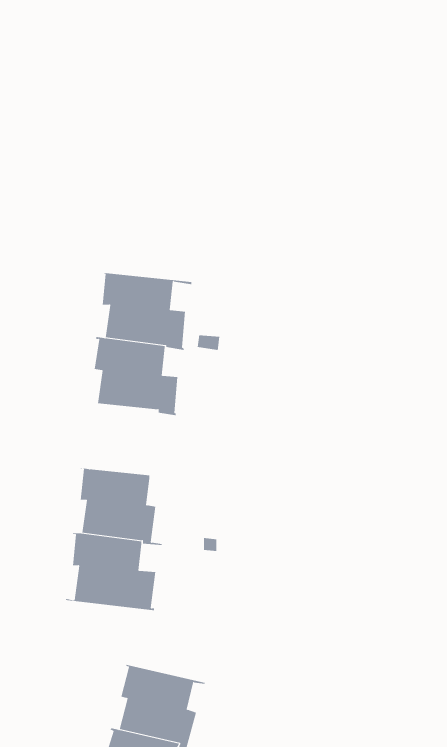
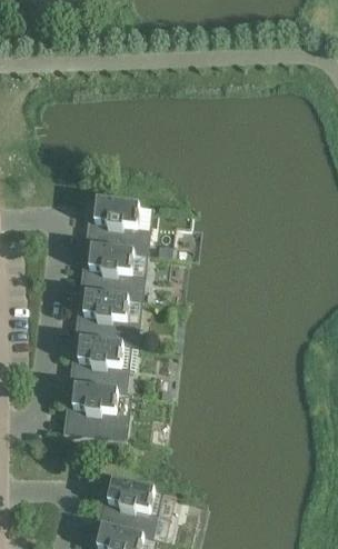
building: none -> [78,292,139,348]

